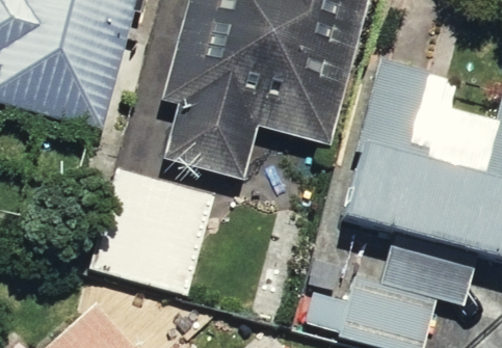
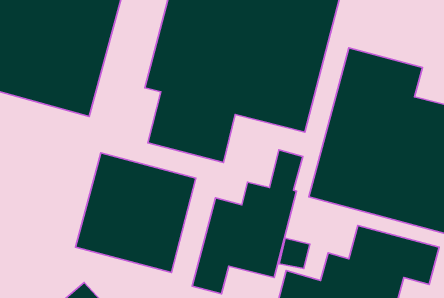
building: none -> [192,150,303,294]

